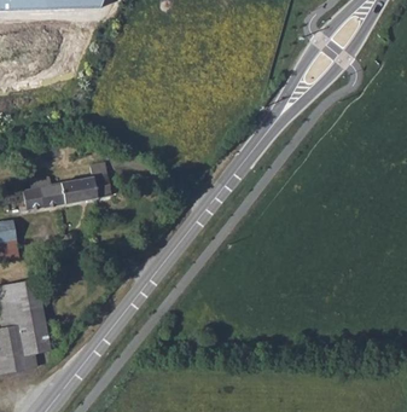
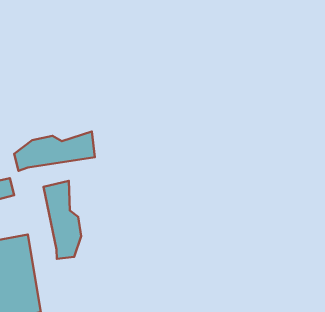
building: none -> [44,181,81,259]

